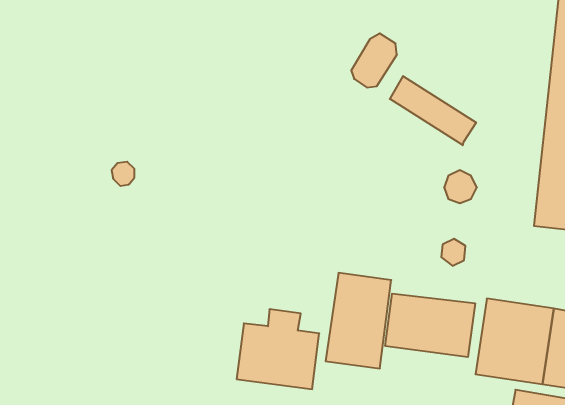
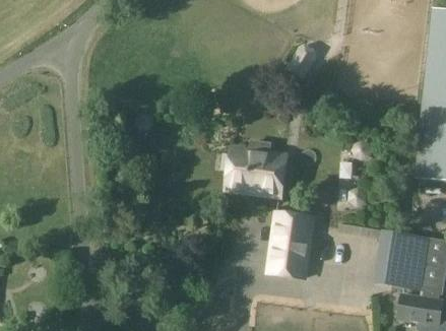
building: [390,76,476,145] -> none
building: [385,294,475,357] -> none
building: [237,309,319,389] -> [227,138,285,195]

